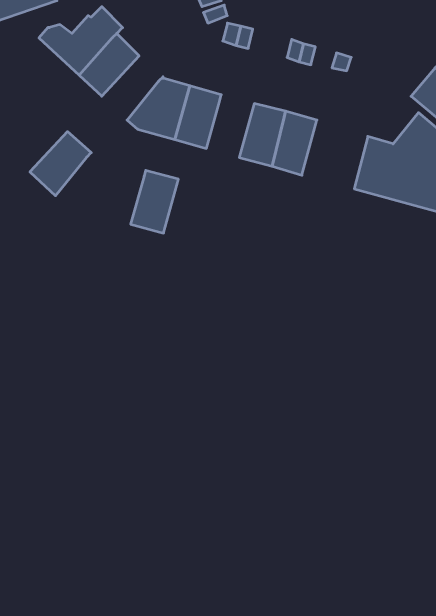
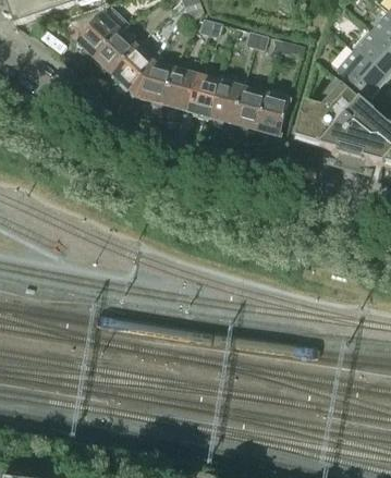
building: none -> [257,89,291,136]
building: [30,132,91,196] -> [111,42,156,89]
building: [131,170,178,233] -> [187,71,222,117]

